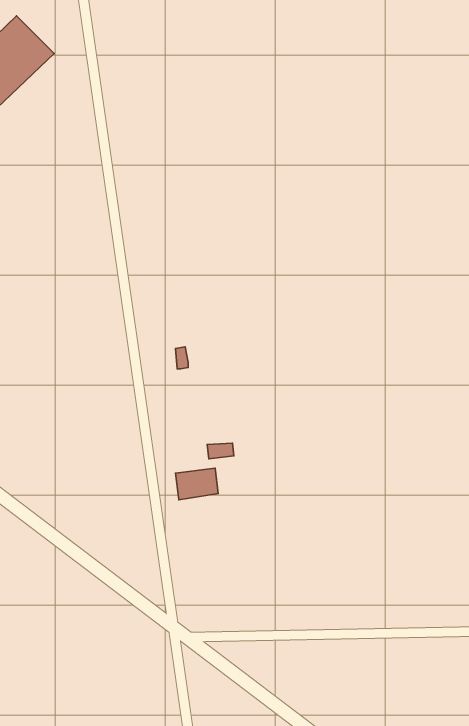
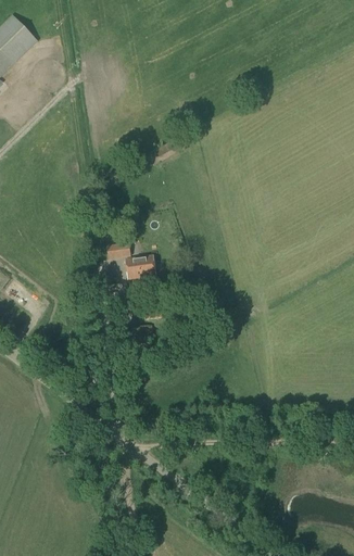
building: none -> [125,255,155,279]

